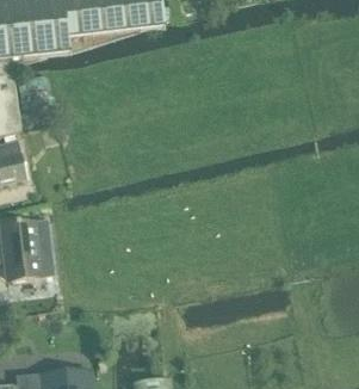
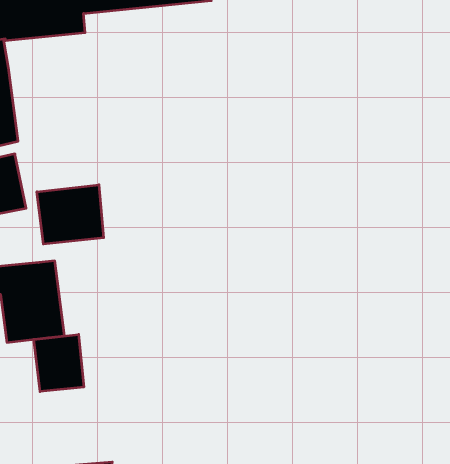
building: none -> [37,185,104,244]
building: none -> [34,334,84,392]

